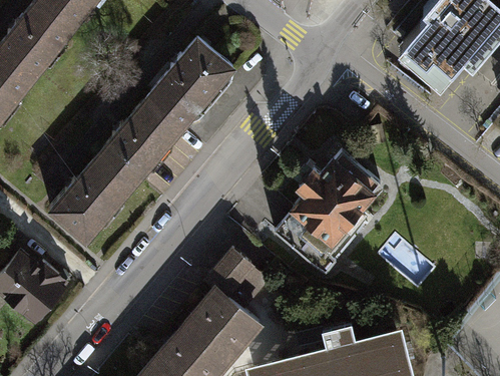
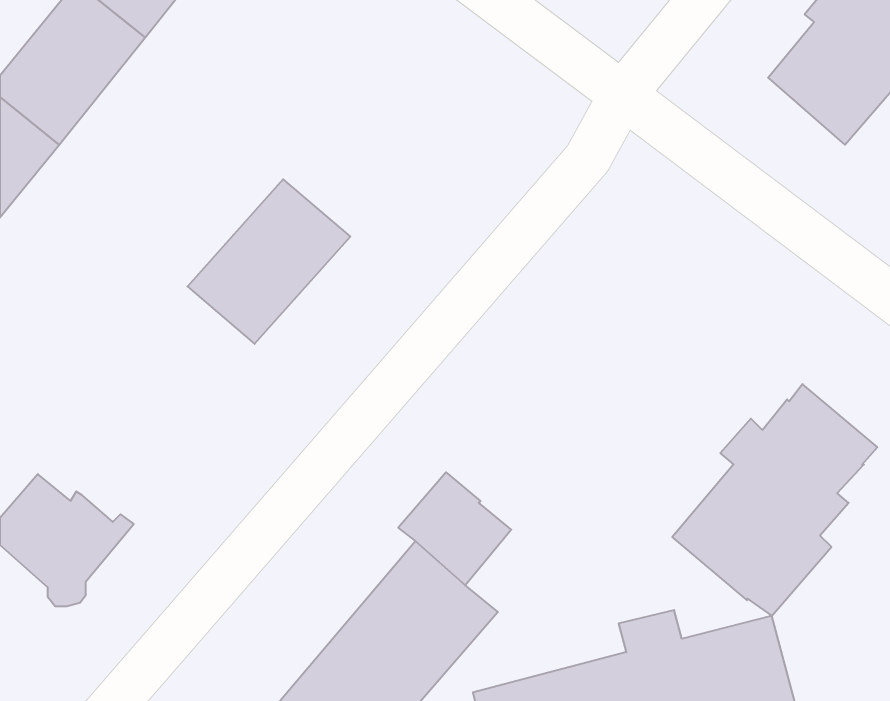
building: [148,42,232,130] -> none
building: [275,155,382,277] -> [672,384,877,616]
building: [50,156,133,242] -> none

